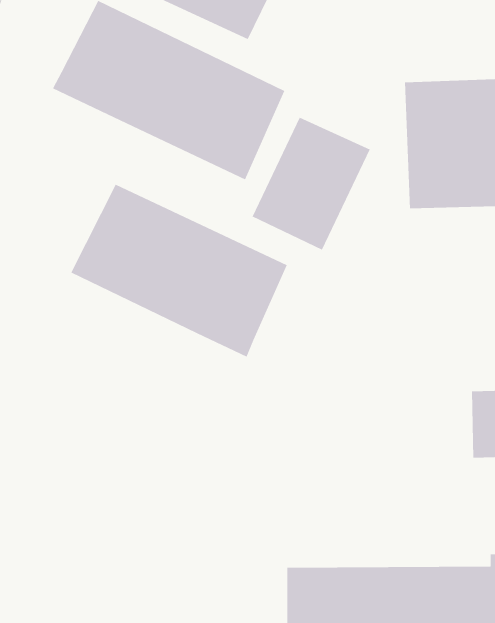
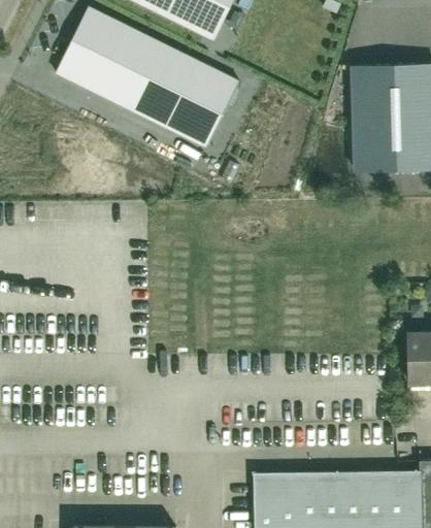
building: [252,117,370,250] -> none
building: [71,184,287,358] -> none

